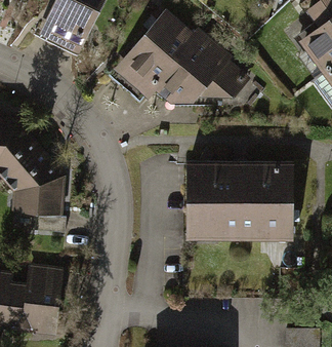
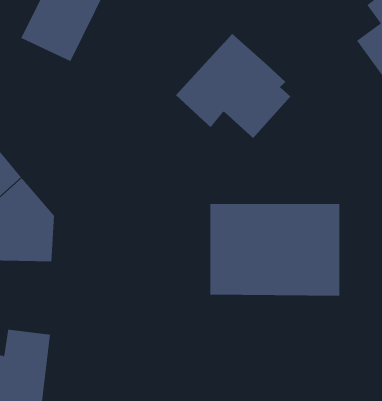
building: [116,13,197,97] -> none

